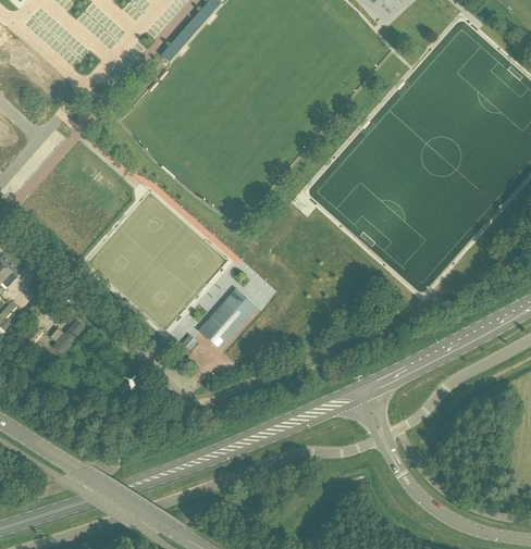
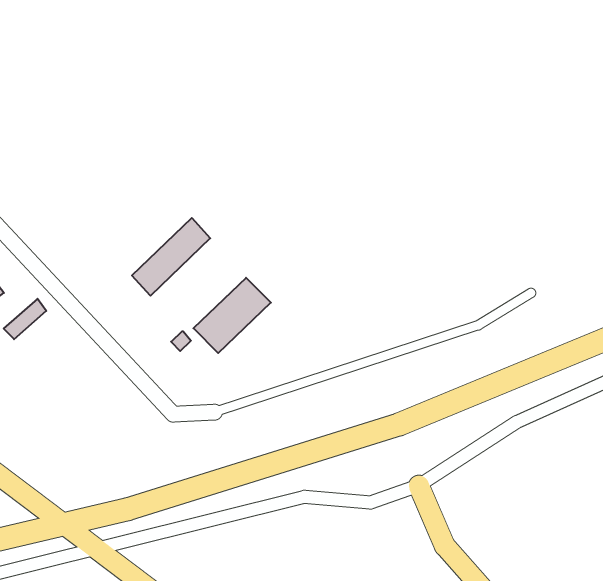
building: none -> [132,218,210,296]

